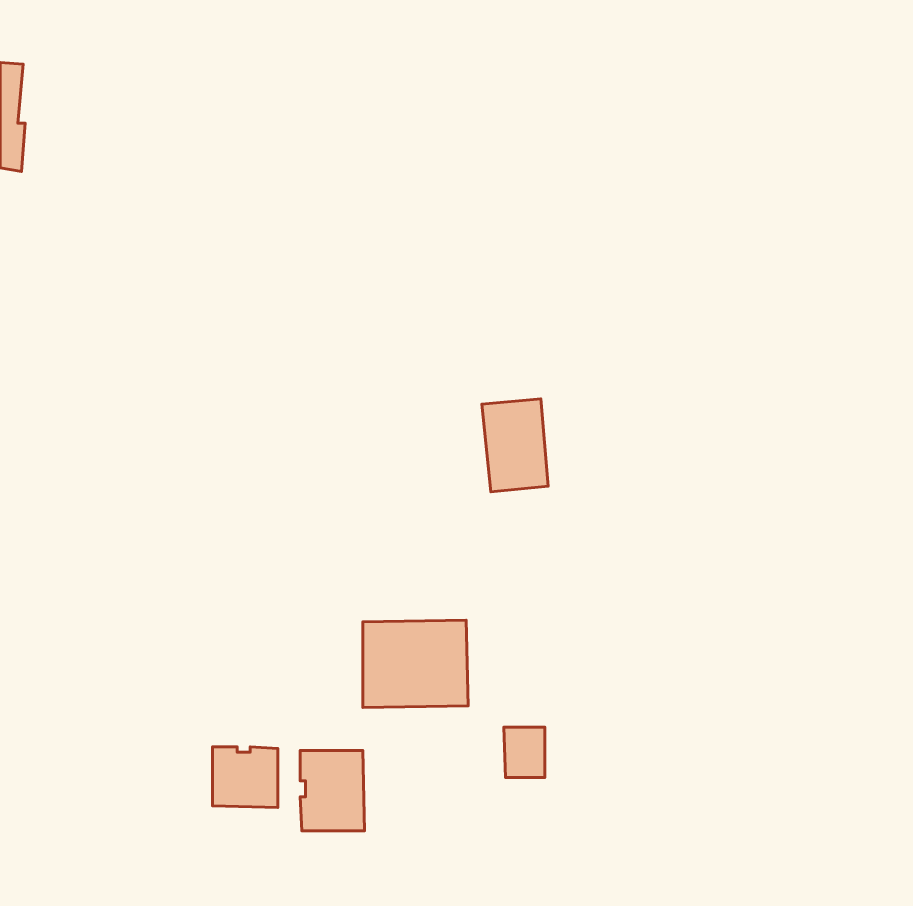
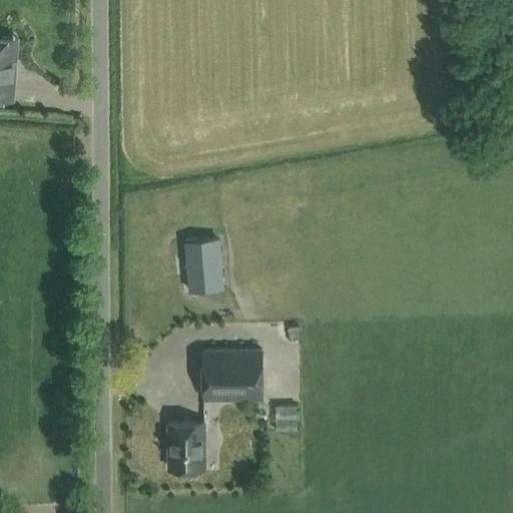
building: [482,399,548,492] -> [184,240,221,293]
building: [213,747,278,808] -> none

